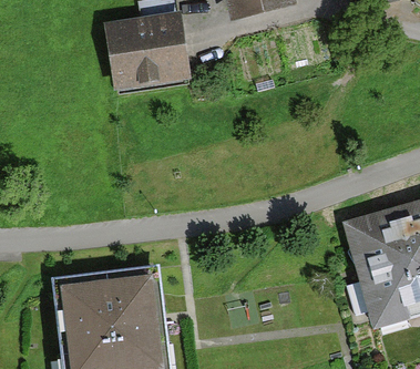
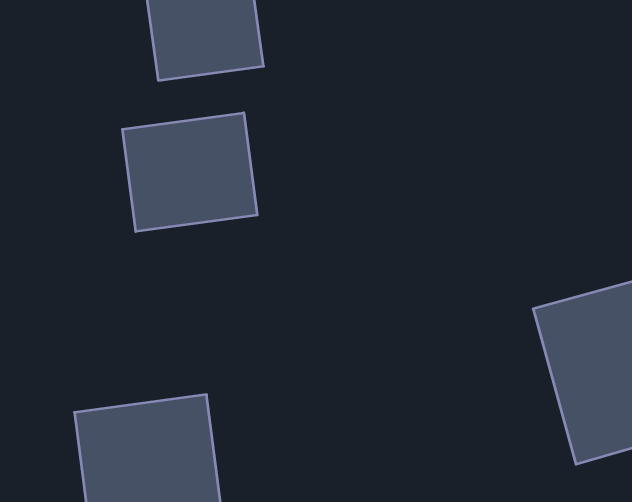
building: none -> [122,113,257,232]

